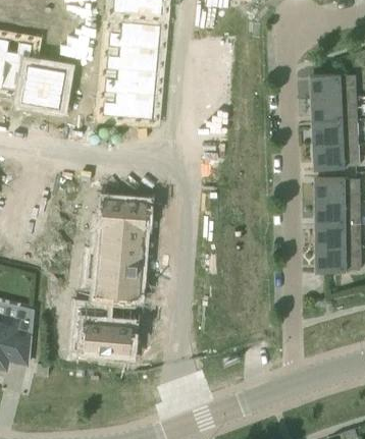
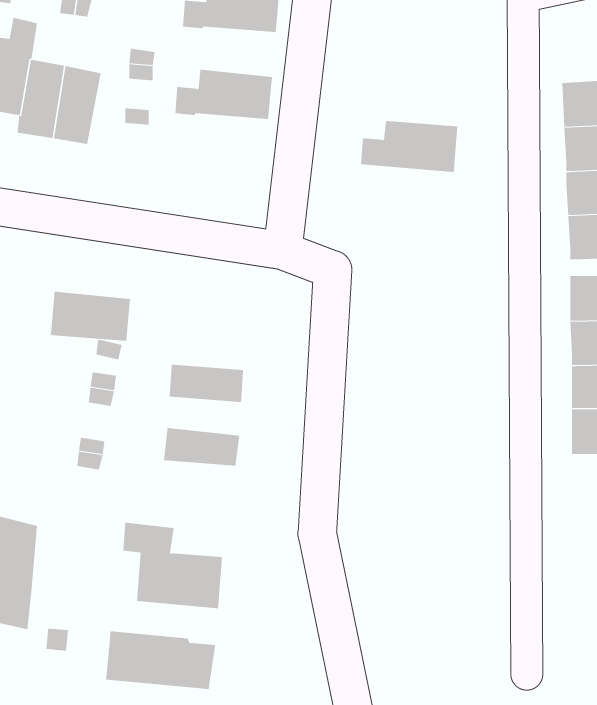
building: [106,46,158,72] -> none
building: [102,92,154,119] -> [360,120,458,172]
building: [101,201,144,228] -> [50,291,131,343]
building: [100,241,140,262] -> none
building: [97,275,137,296] -> none
building: none -> [106,631,216,690]

